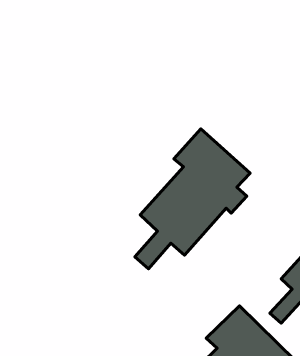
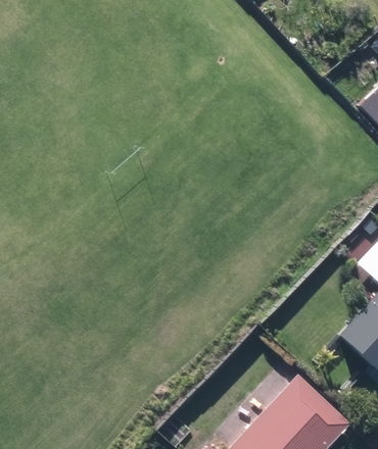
building: [135,129,250,269] -> none

